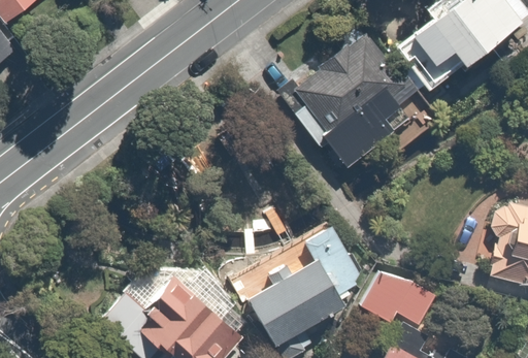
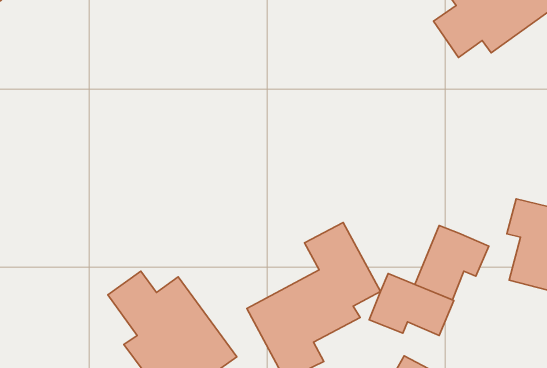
building: [292,33,412,167] -> none
building: none -> [415,226,489,300]

